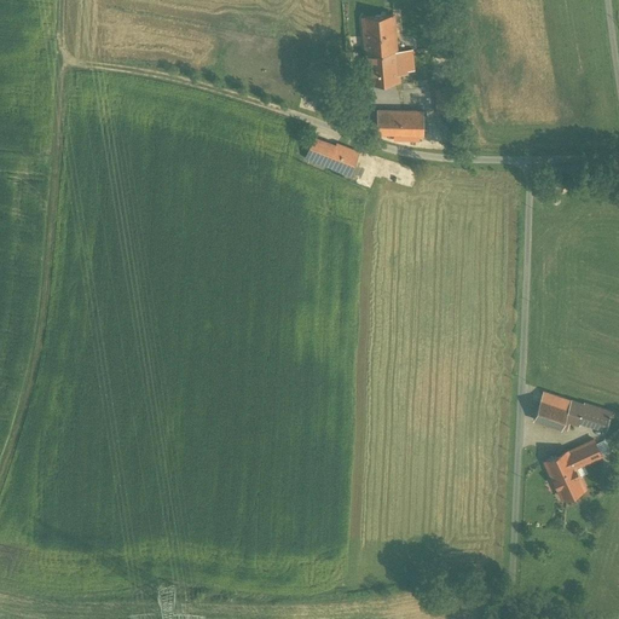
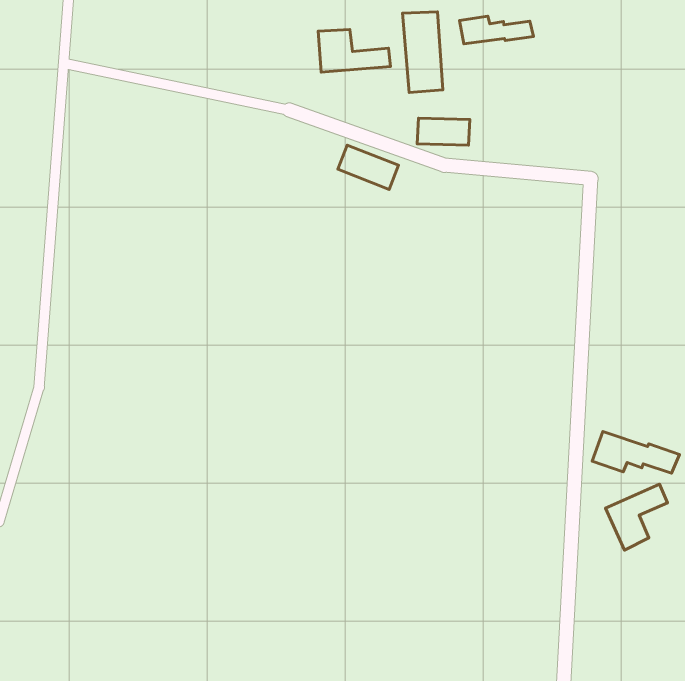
building: none -> [459,16,534,44]
building: none -> [318,29,390,72]

